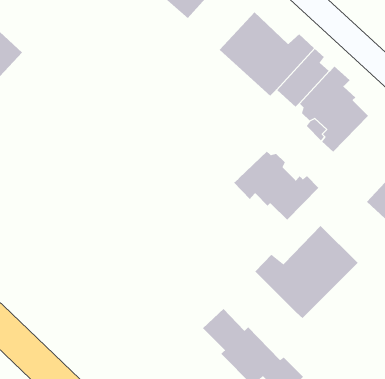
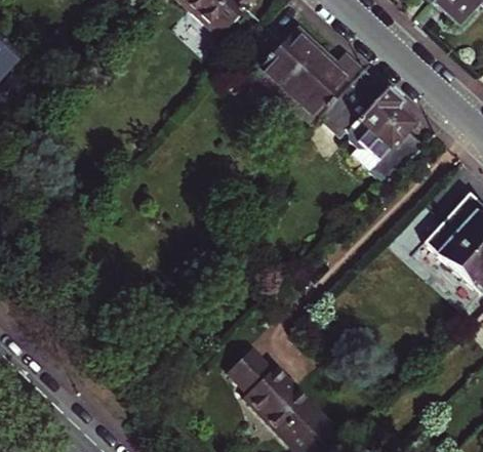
building: [233,151,319,220] -> none
building: [255,225,359,319] -> none

